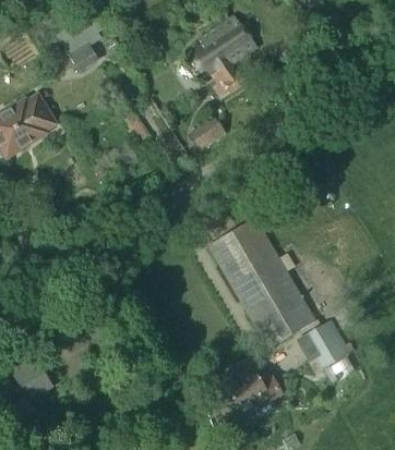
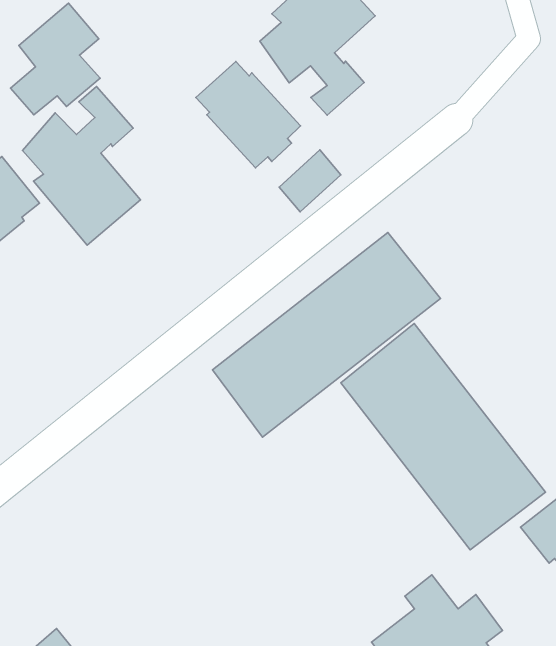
building: none -> [196,61,300,168]
building: none -> [22,87,141,245]
building: none -> [212,232,441,437]

